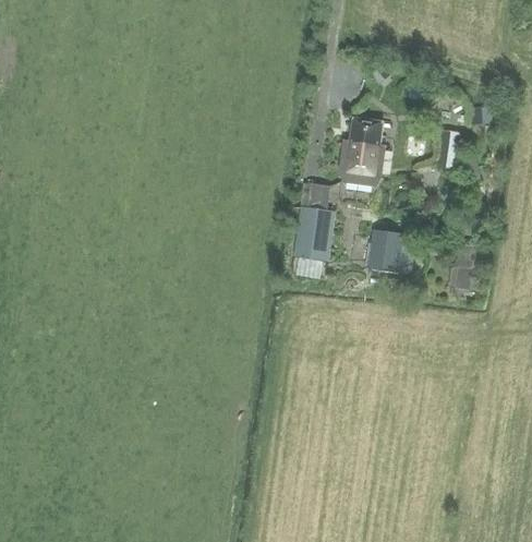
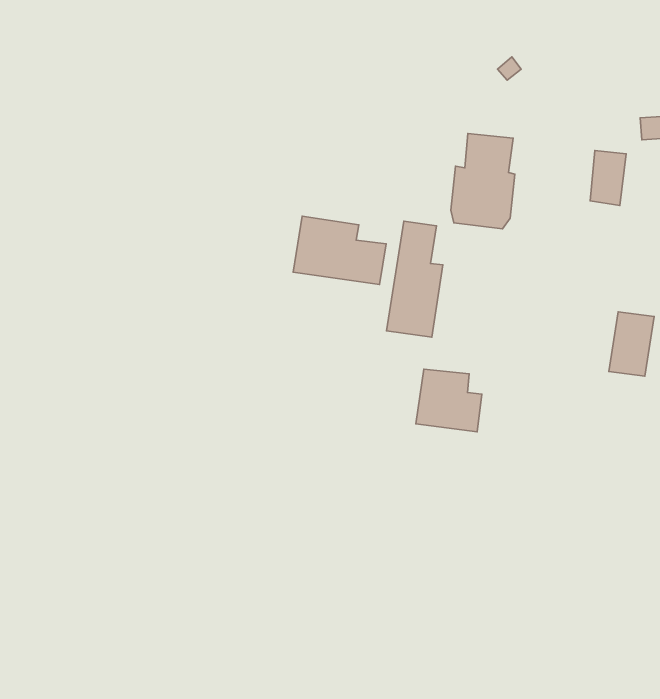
building: none -> [293,216,386,285]
building: [367,229,413,273] -> [416,369,482,432]

